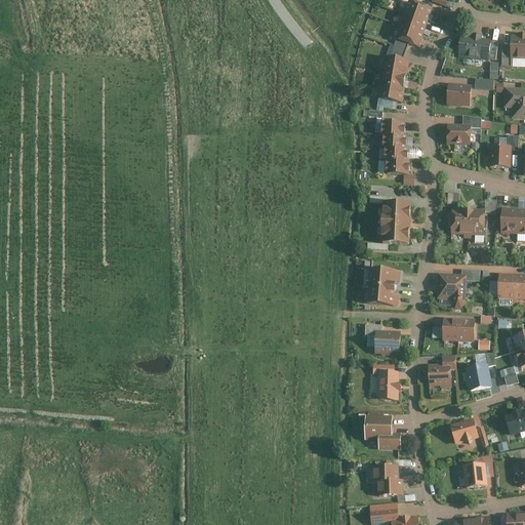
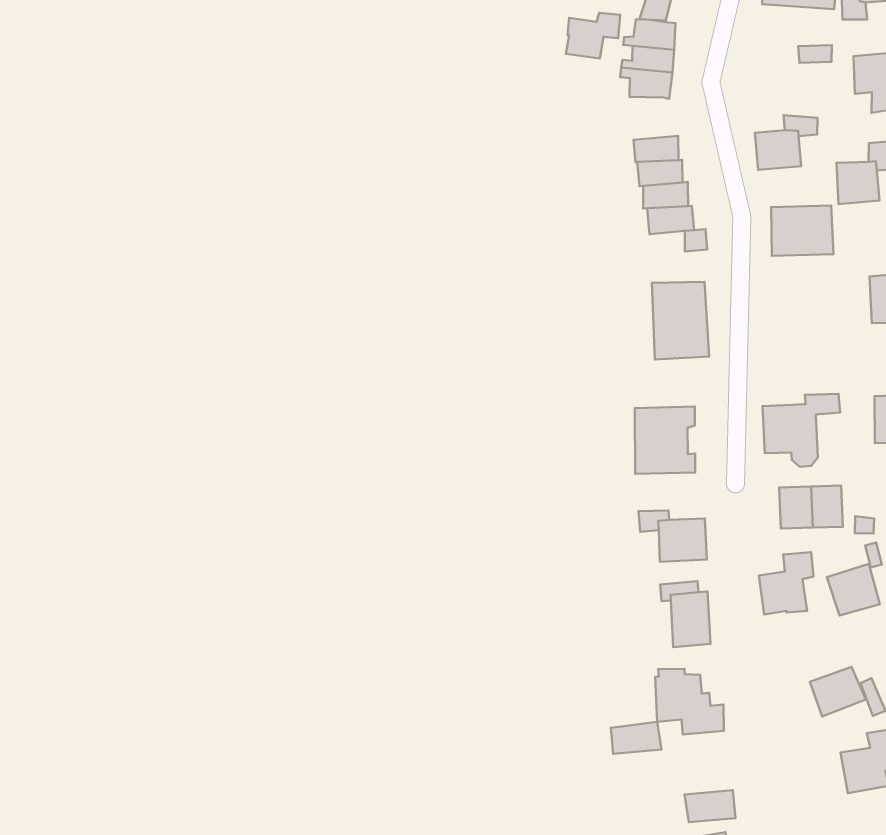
building: none -> [566,13,620,58]
building: [447,84,472,106] -> none
building: [449,206,484,235] -> [771,205,834,256]
building: [371,466,398,481] -> [611,722,662,754]

